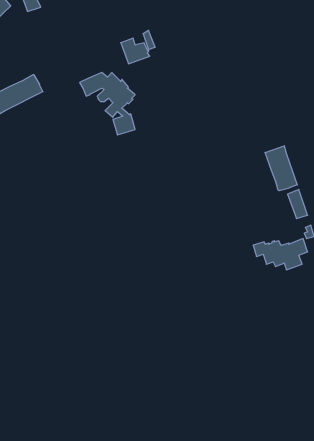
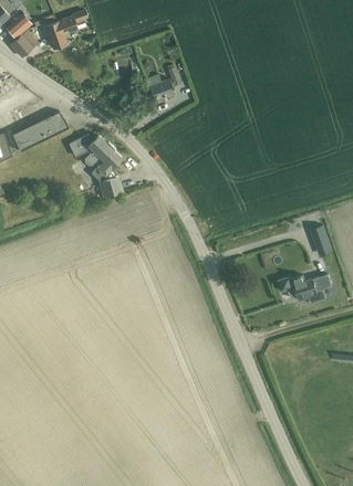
building: [80,73,135,135] -> [65,136,121,198]
building: [265,146,297,191] -> none

